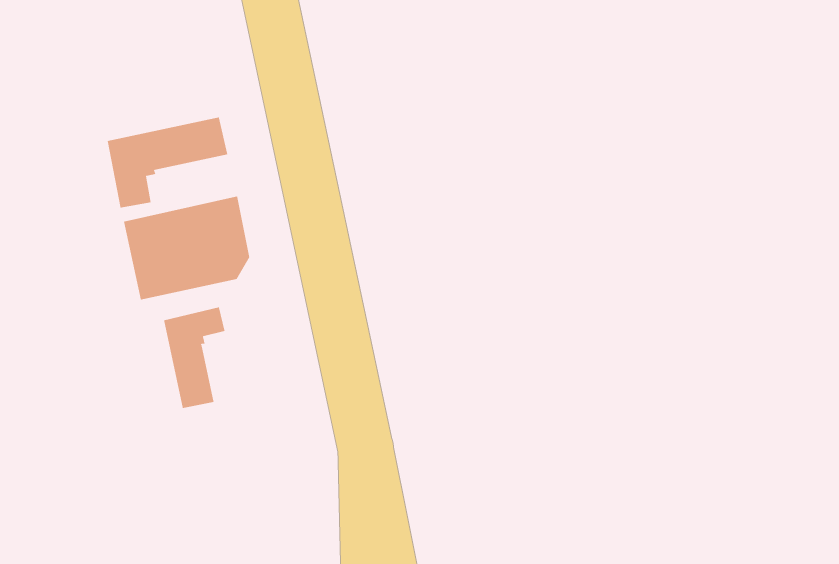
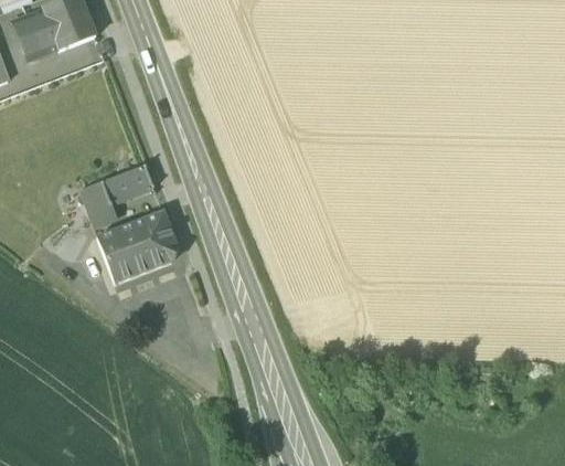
building: [163,307,225,409] -> none

